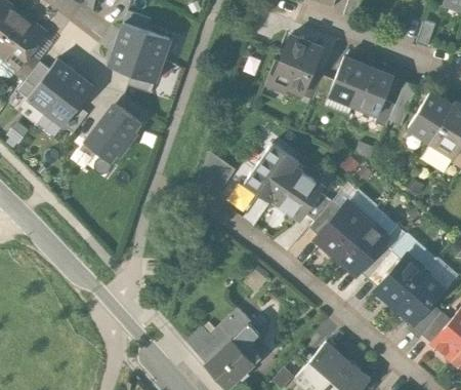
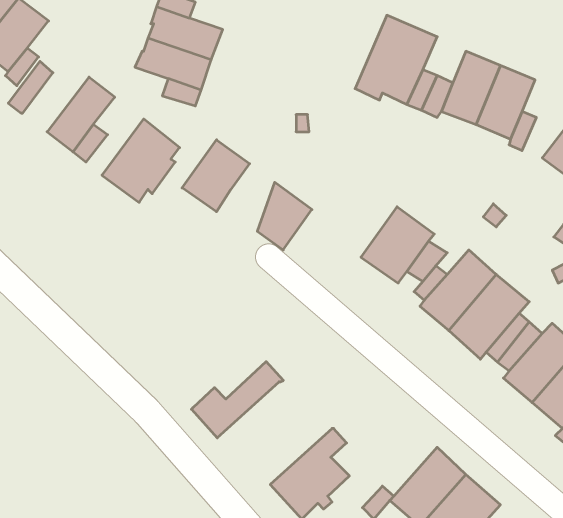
building: [29,61,76,113] -> none
building: none -> [182,140,250,212]
building: [239,139,299,202] -> none
building: [186,310,252,364] -> [191,362,283,438]

